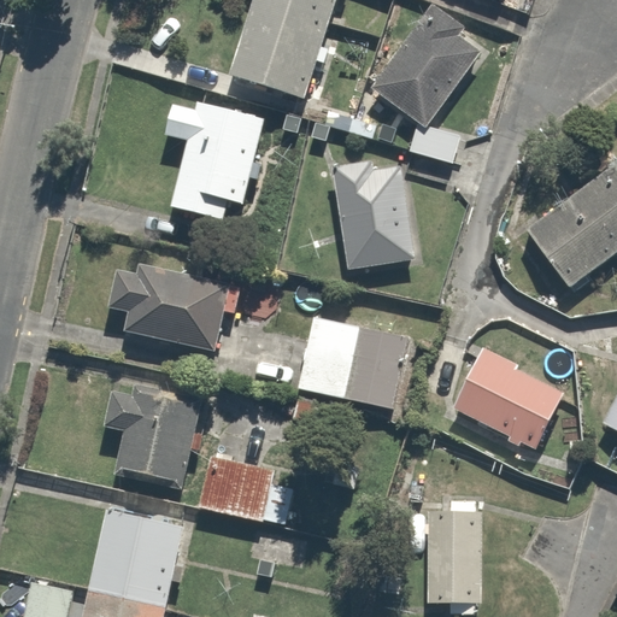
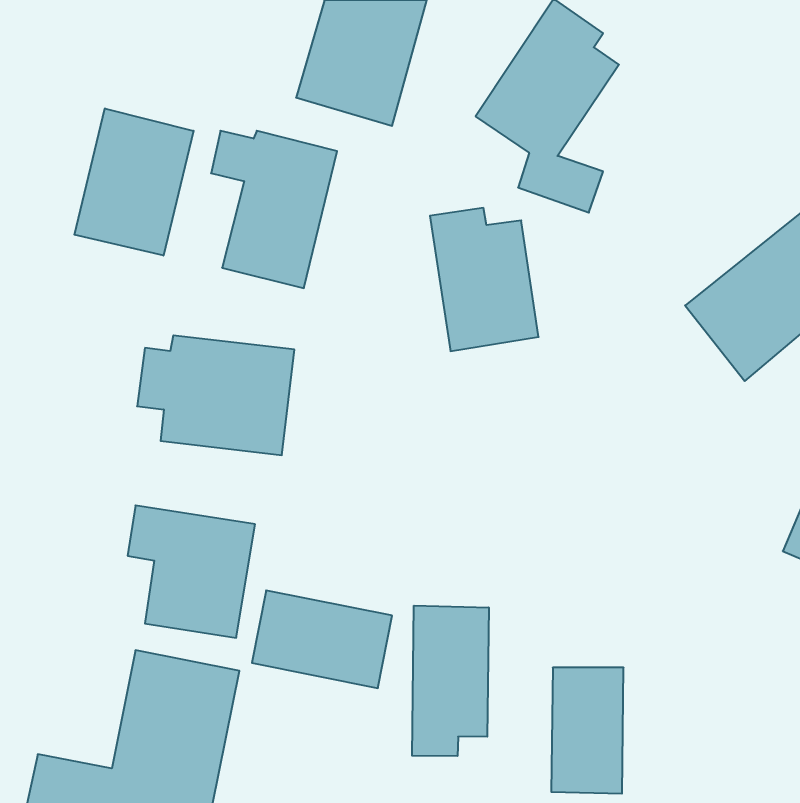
building: none -> [74,108,194,256]
building: [287,315,411,442] -> none
building: [453,348,560,447] -> none
building: none -> [412,606,489,756]

